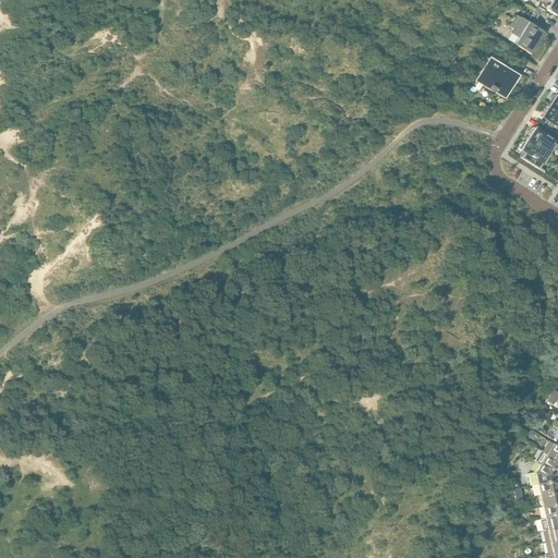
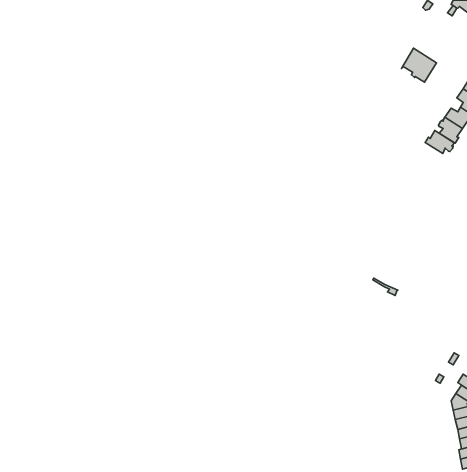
building: [513,15,548,54] -> none
building: none -> [425,130,454,153]

